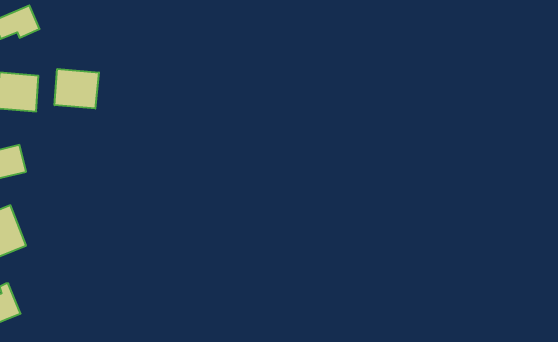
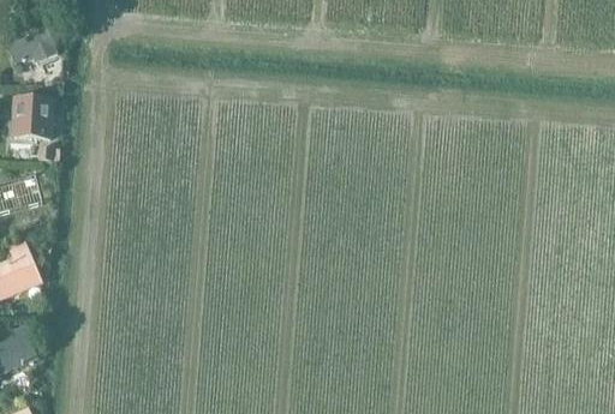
building: [55,69,99,109] -> none

